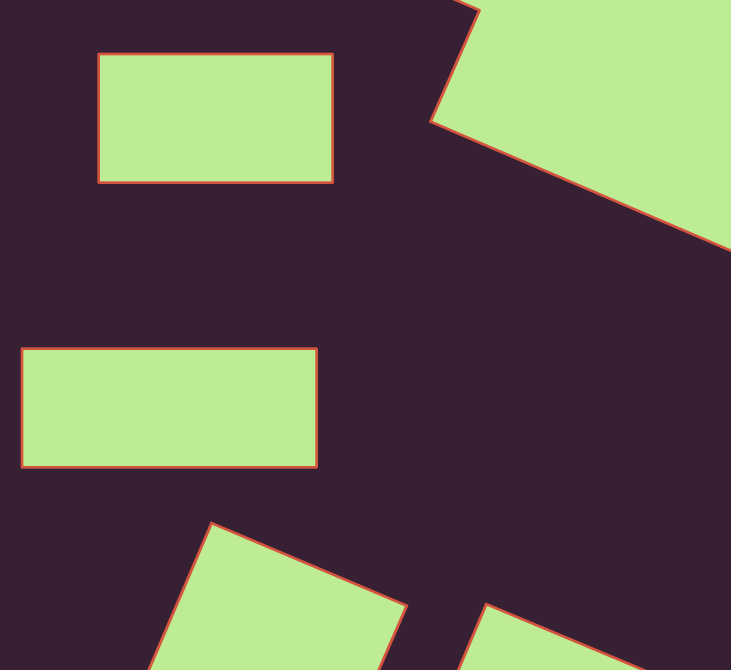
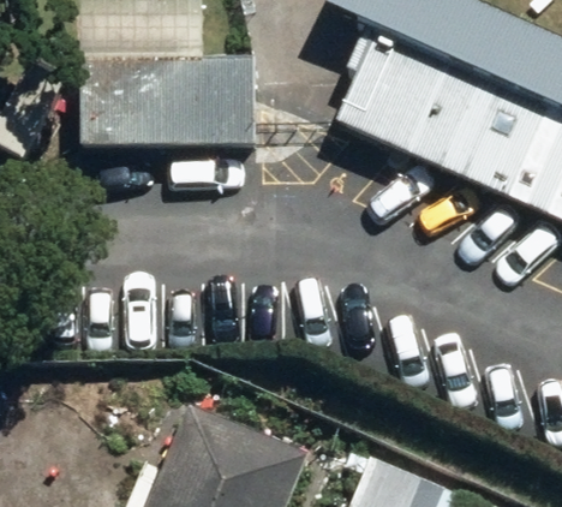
building: [22,349,316,467] -> none

